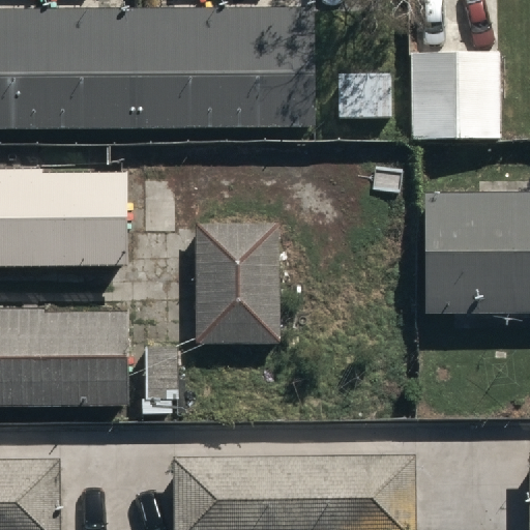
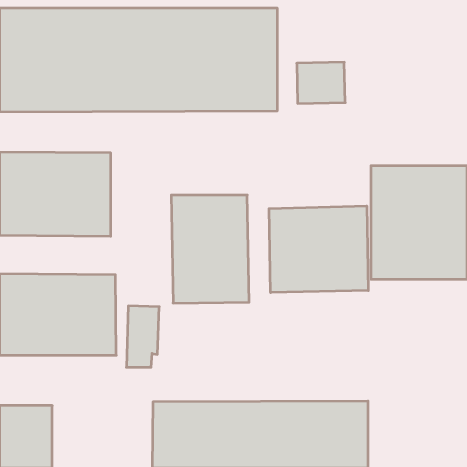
building: [412,56,503,137] -> none
building: none -> [269,206,368,293]

